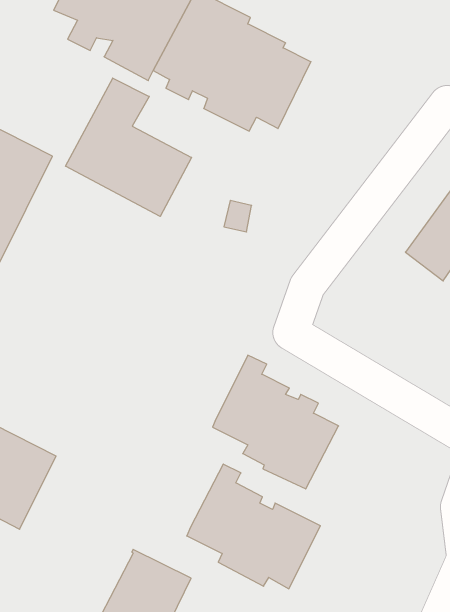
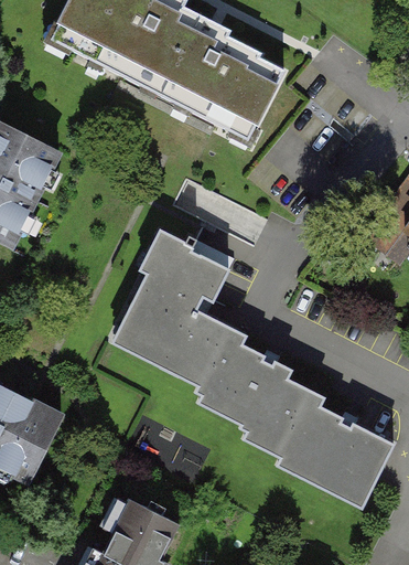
building: [66,78,192,216] -> none
building: none -> [119,232,229,385]
building: [187,464,320,589] -> [277,390,394,499]

